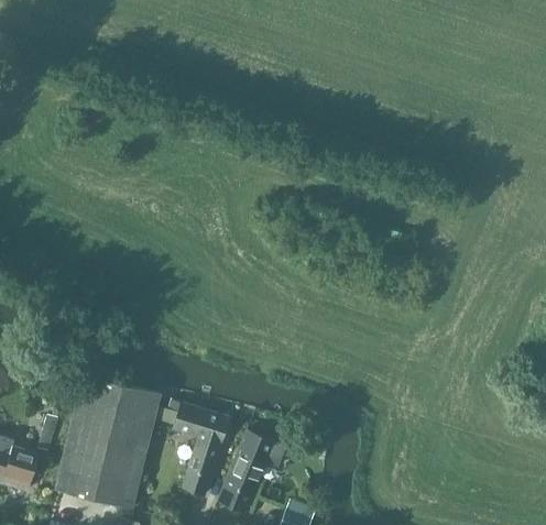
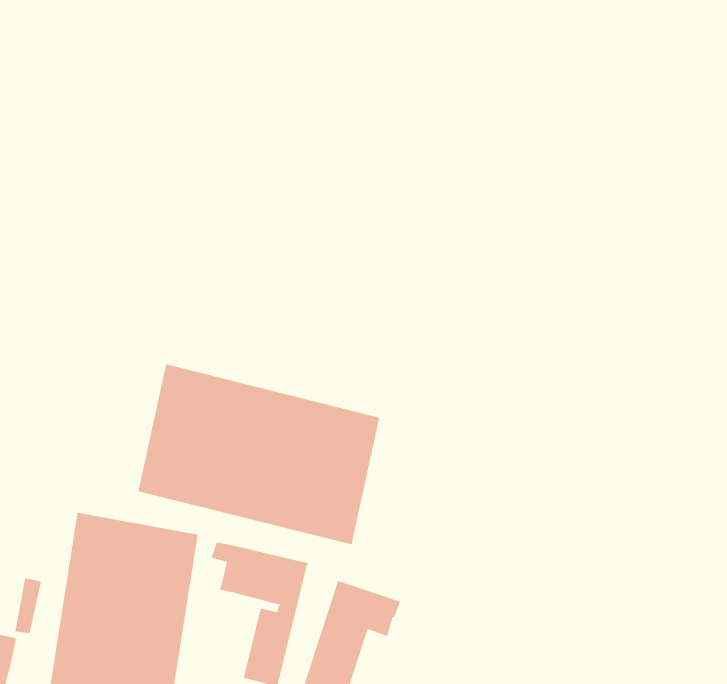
building: none -> [138,364,380,545]

